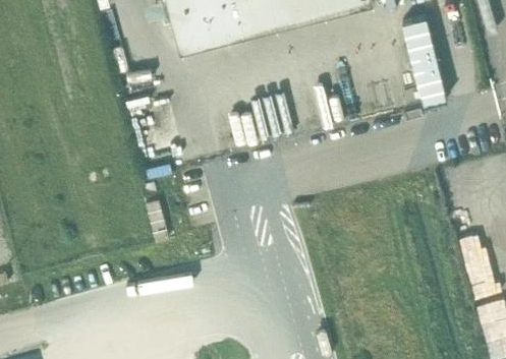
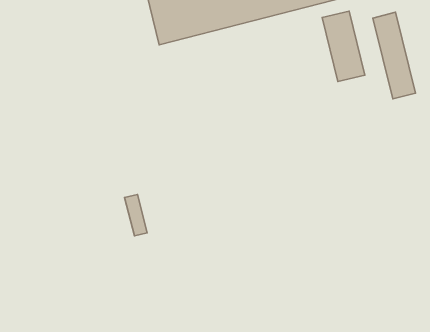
building: none -> [322,11,365,81]

